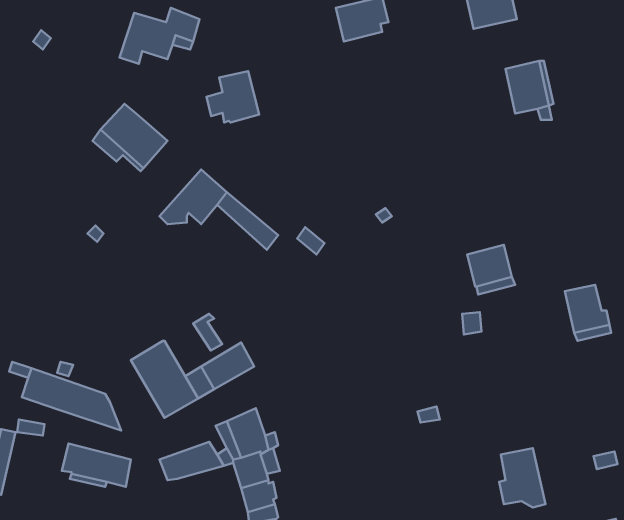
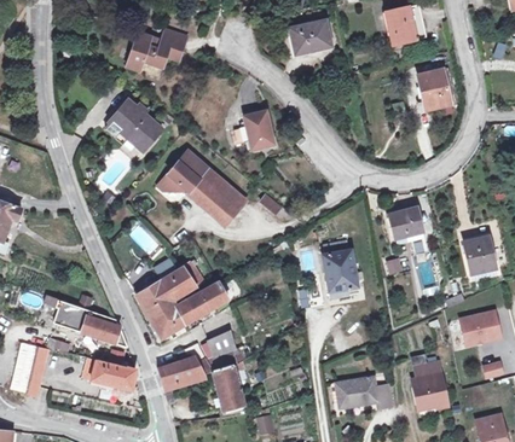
building: [206,71,259,122] -> [235,111,274,150]
building: none -> [186,178,238,226]
building: none -> [323,242,358,299]
building: none -> [161,267,196,301]
building: none -> [459,310,500,345]
building: none -> [336,377,392,408]

